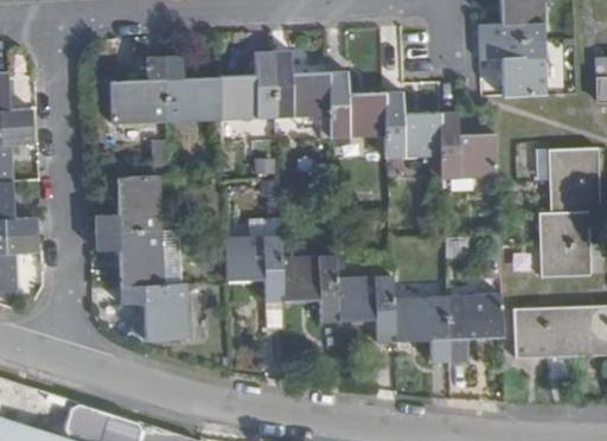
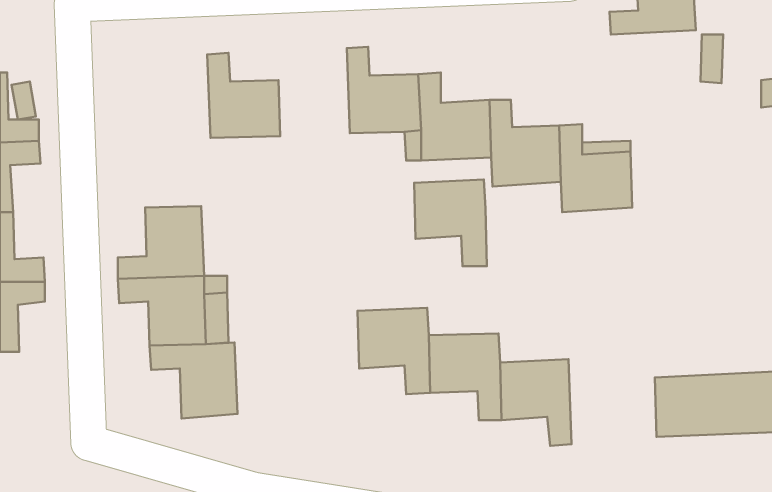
building: [479,38,548,96] -> none
building: [219,52,275,121] -> none
building: [109,57,166,124] -> none
building: [539,148,599,277] -> none
building: [225,235,282,302] -> [414,180,487,266]
building: [446,293,503,362] -> none

